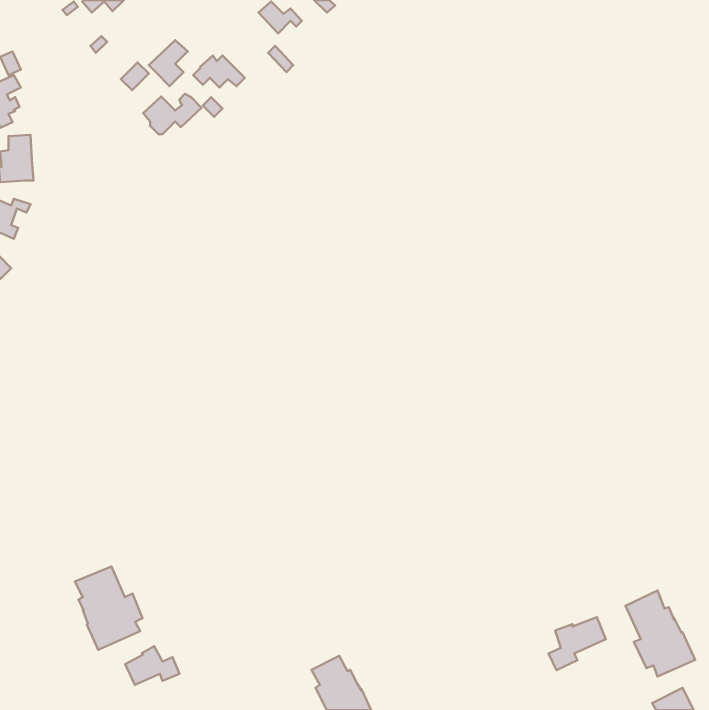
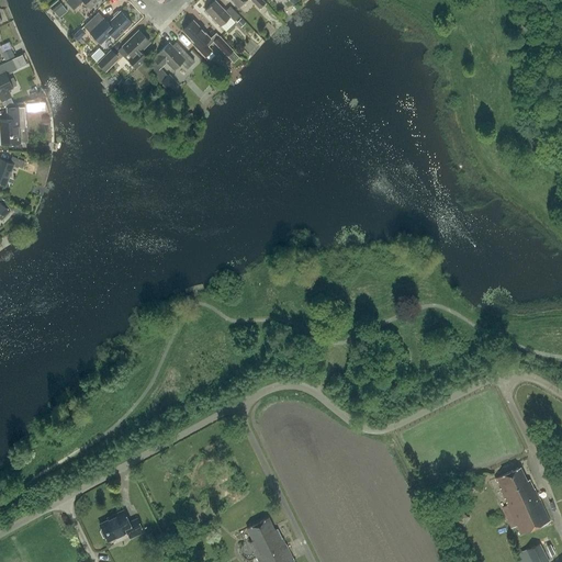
building: none -> [181,20,212,58]
building: [143,94,202,134] -> [83,11,130,43]
building: [75,566,143,650] -> none
building: [549,617,606,670] -> none

